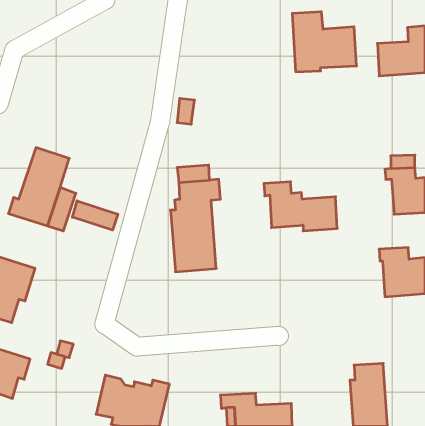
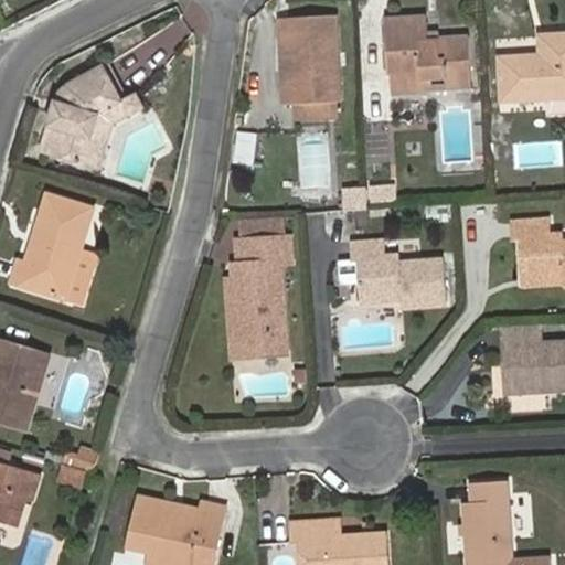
building: none -> [278,17,339,105]
building: none -> [38,64,145,170]
building: [72,201,118,230] -> none

